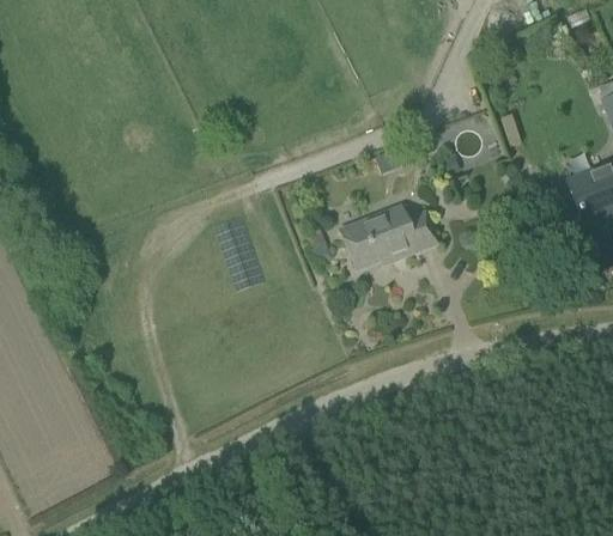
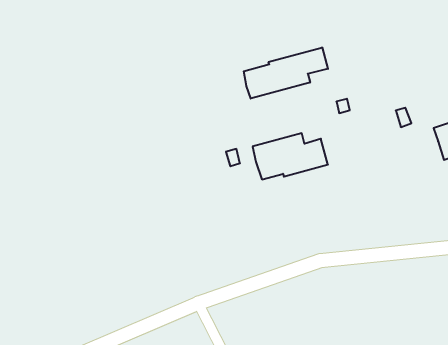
building: none -> [244,47,328,99]

